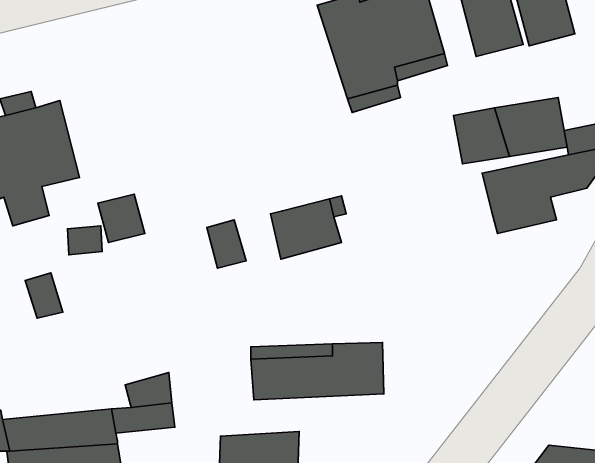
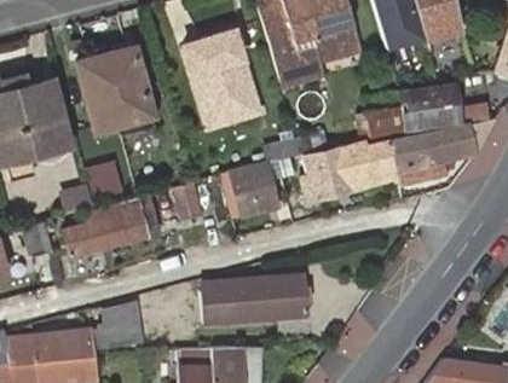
building: none -> [184,33,260,129]
building: none -> [79,48,152,132]
building: none -> [301,141,397,195]
building: none -> [62,196,160,254]

